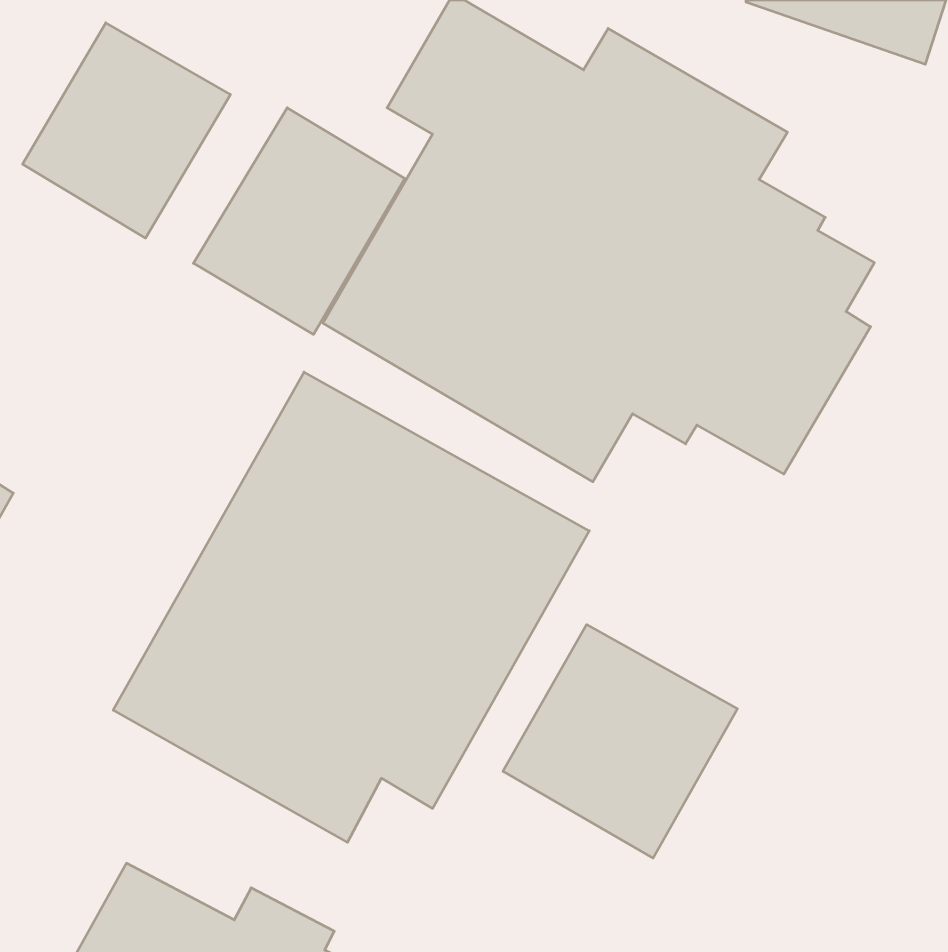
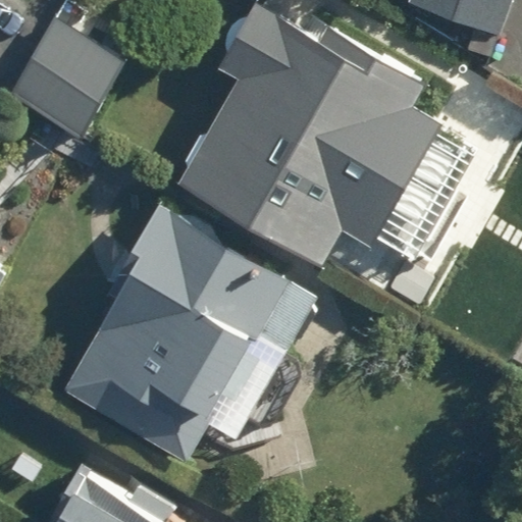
building: [193,108,405,334] -> none
building: [503,625,737,858] -> none

